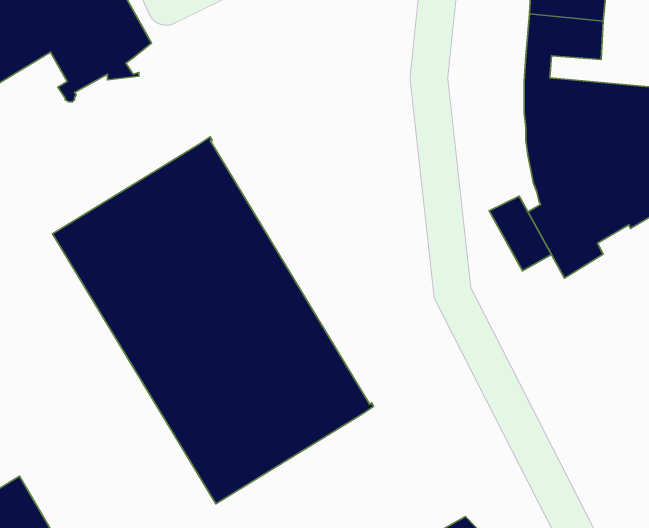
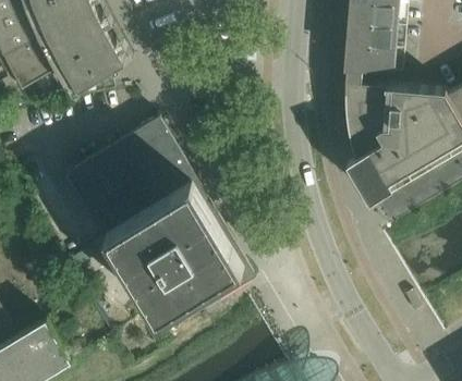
building: [489,196,551,271] -> none

